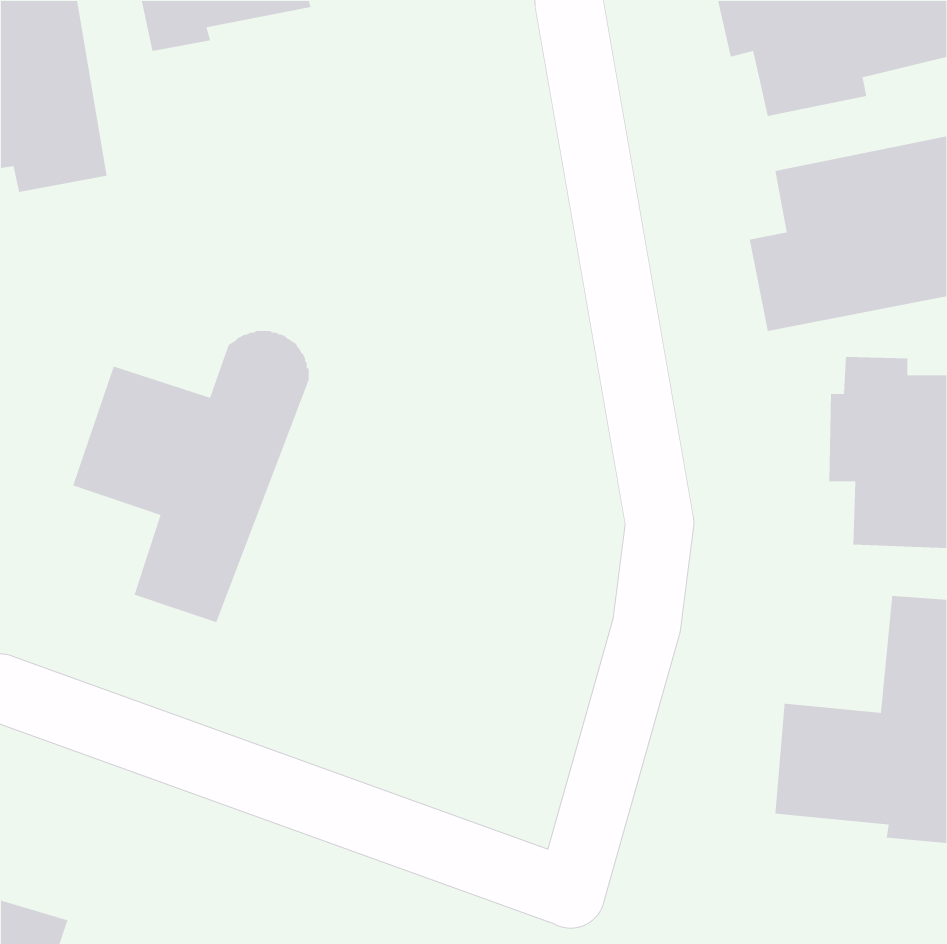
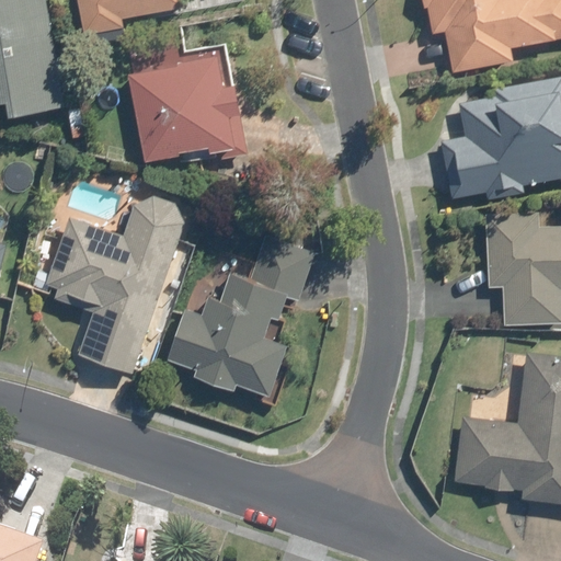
building: none -> [125,54,245,164]
building: none -> [168,234,312,388]

